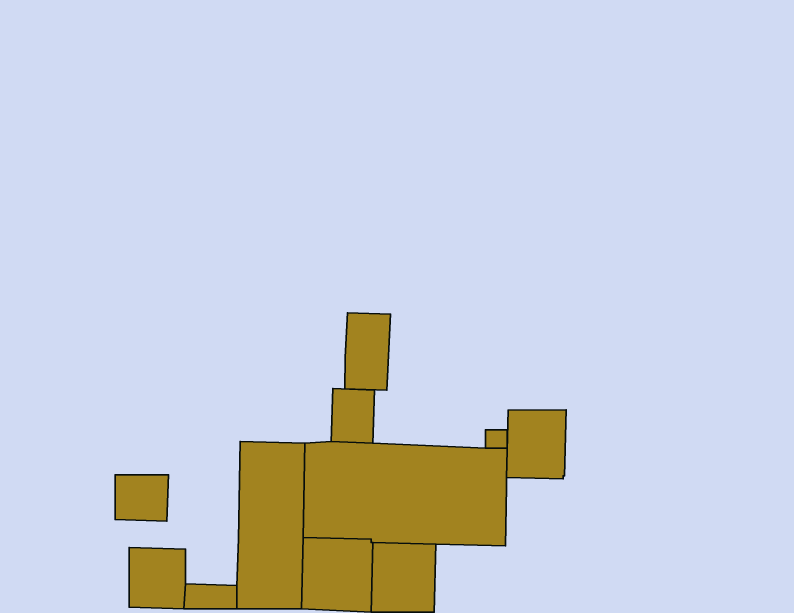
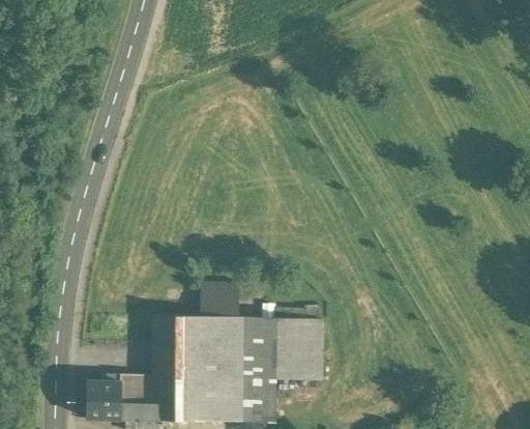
building: [345,313,391,390] -> none
building: [507,410,566,479] -> none
building: [115,475,168,521] -> [121,376,154,405]

